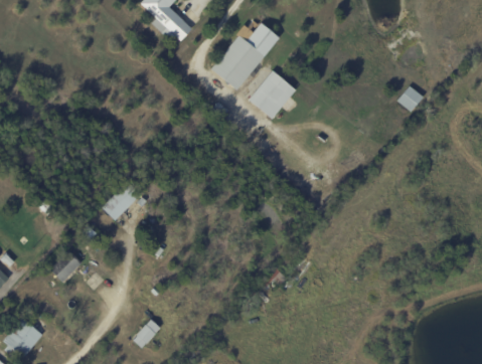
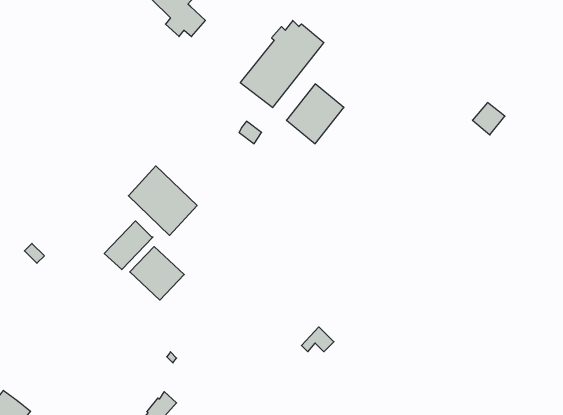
building: none -> [128,166,197,235]
building: none -> [130,247,184,300]
building: [50,249,82,282] -> none

